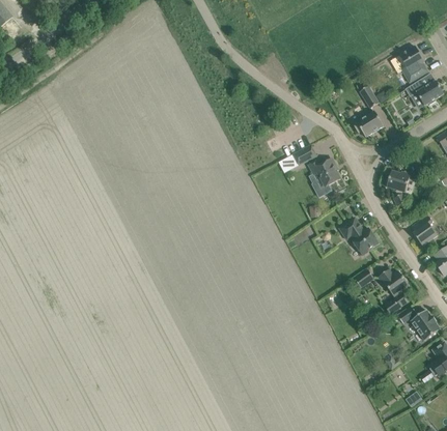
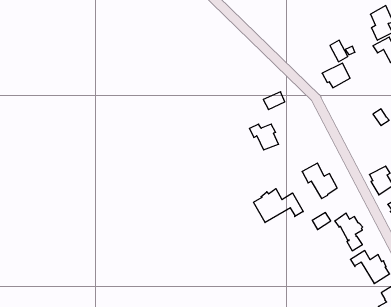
building: [309,159,341,186] -> [249,124,279,150]
building: [387,171,411,206] -> none
building: none -> [254,189,303,223]

